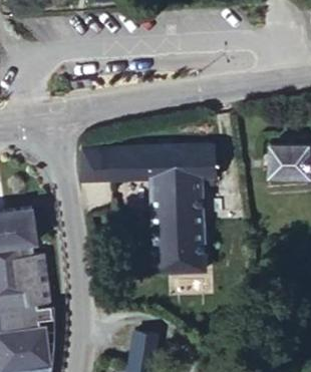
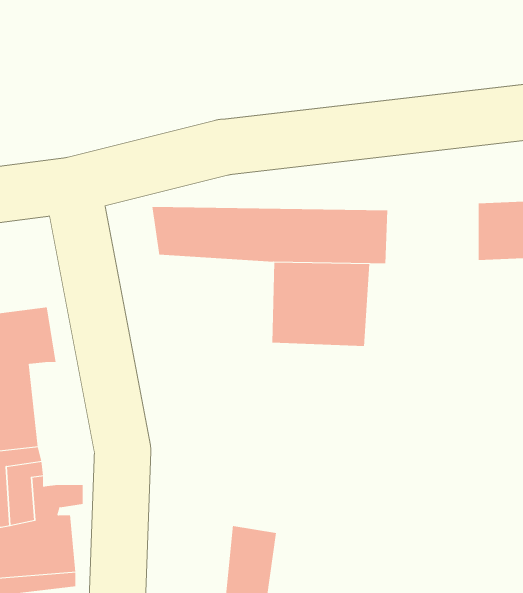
building: [152,219,206,288] -> none
building: [18,230,46,299] -> none

